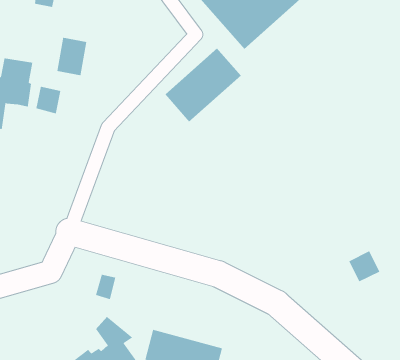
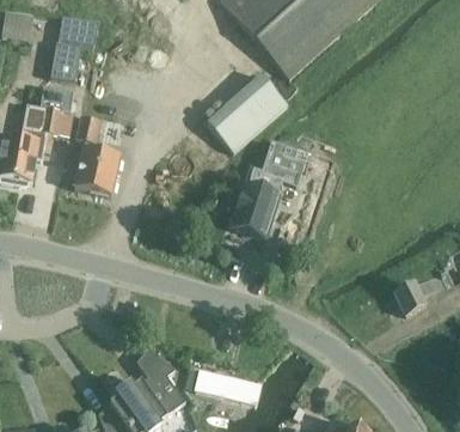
building: [57,37,87,76] -> [50,41,81,80]
building: none -> [233,142,306,237]
building: none -> [74,145,119,194]

